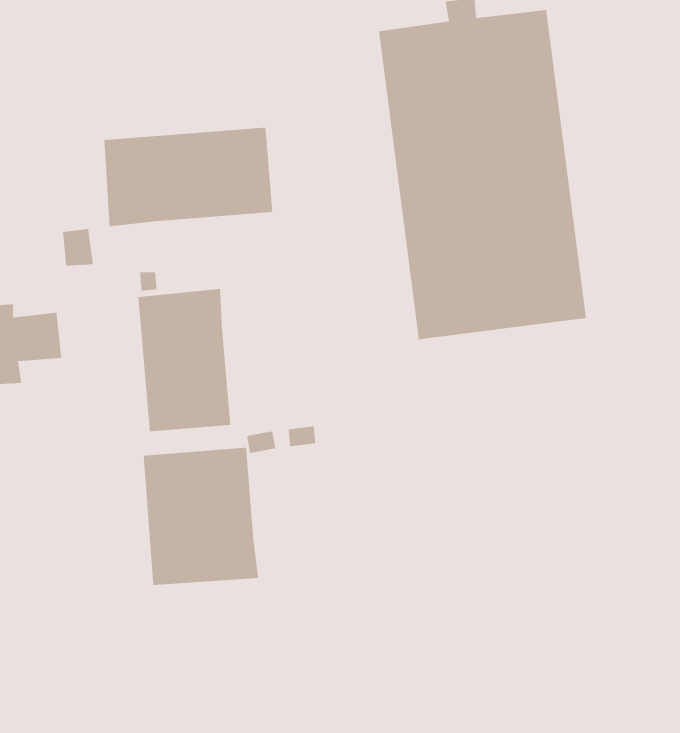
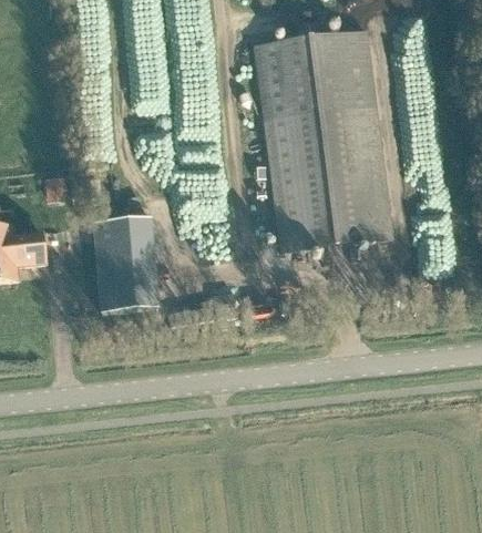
building: [104,127,273,227] -> none
building: [143,447,259,586] -> none

